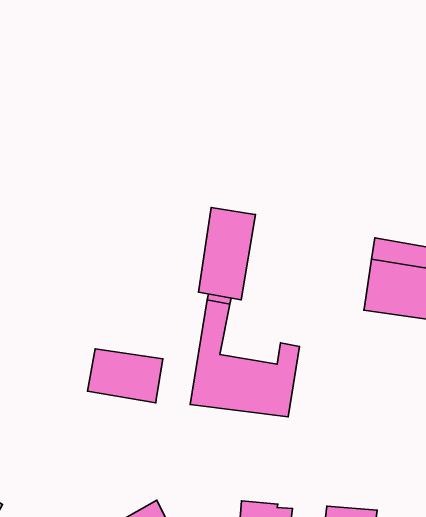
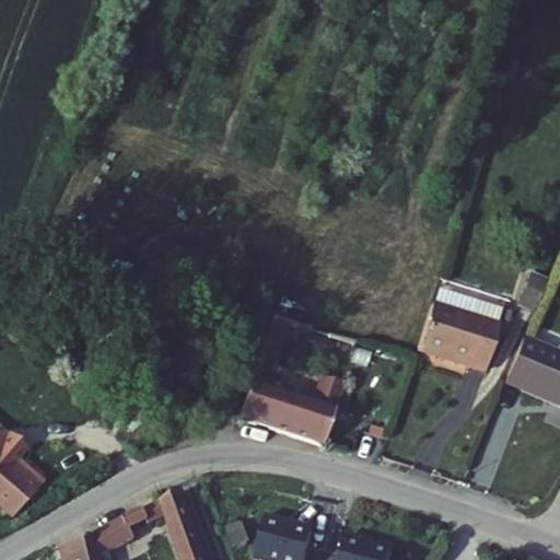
building: [198,208,256,300] -> none
building: [88,349,163,403] -> none

